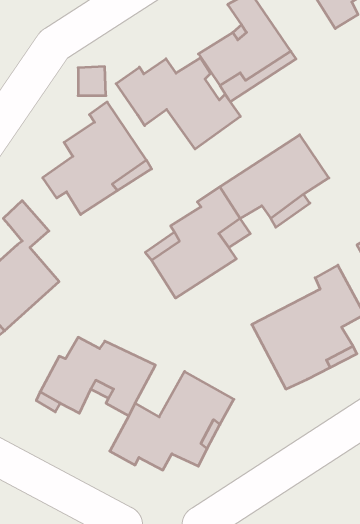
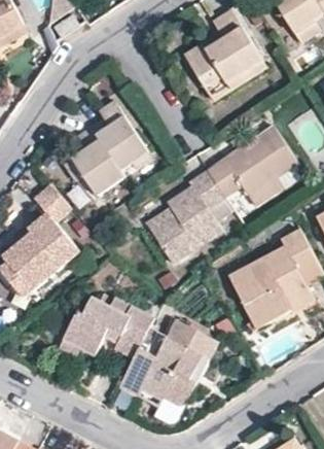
building: [116,58,240,149] -> none

